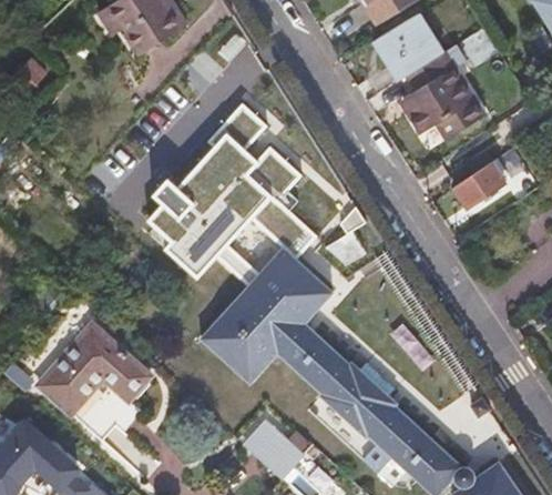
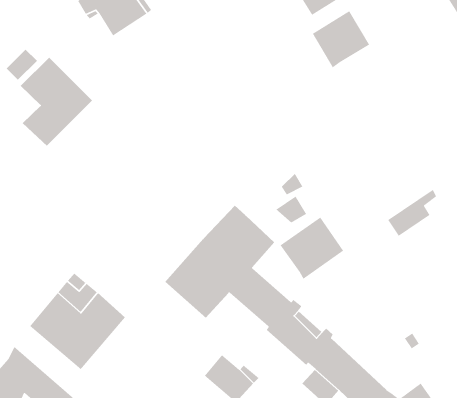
building: [399,50,484,142] -> none
building: none -> [20,57,93,147]
building: [143,105,315,286] -> none
building: [452,153,511,210] -> [387,189,437,237]
building: none -> [280,216,344,280]

